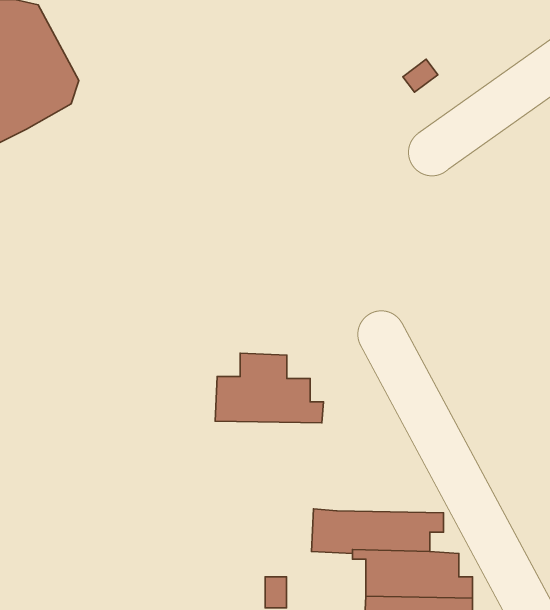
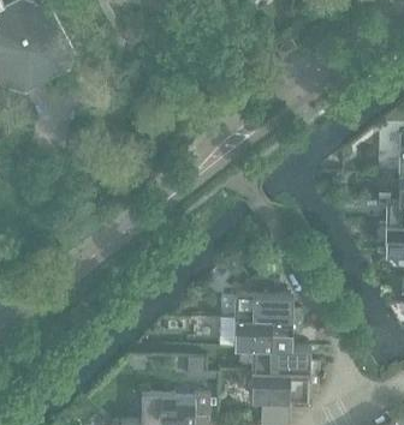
building: [215,353,324,423] -> [232,279,299,322]

